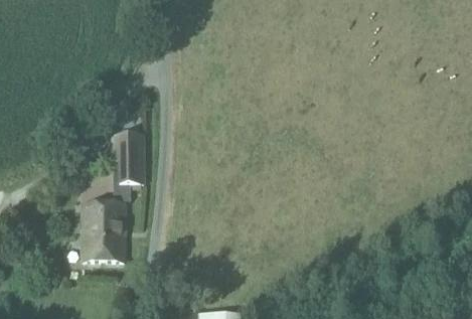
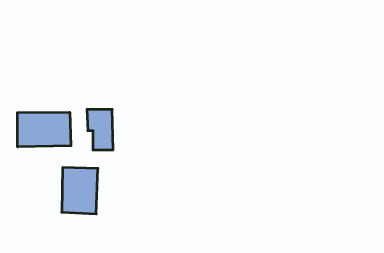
building: none -> [17,112,71,147]

